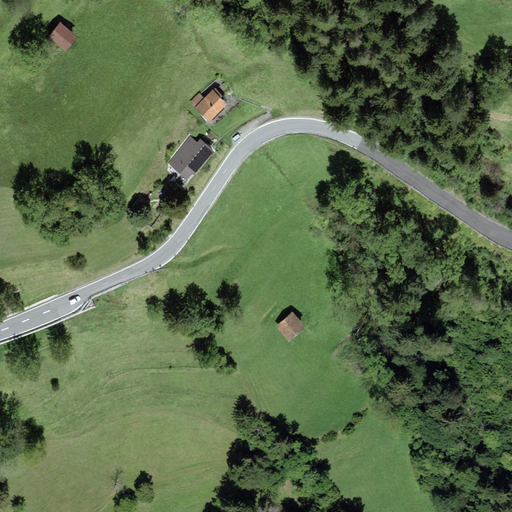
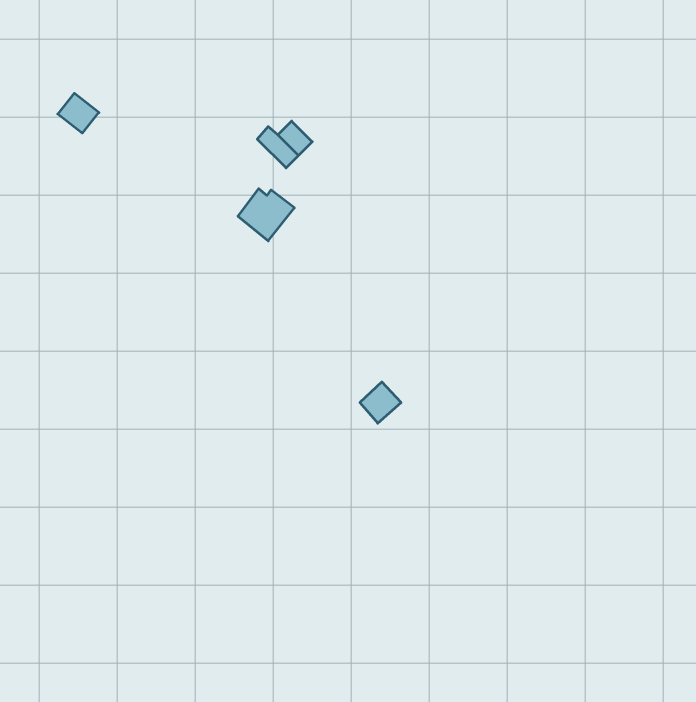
building: [46,22,76,51] -> [58,93,99,133]
building: [275,311,305,341] -> [360,382,401,423]

